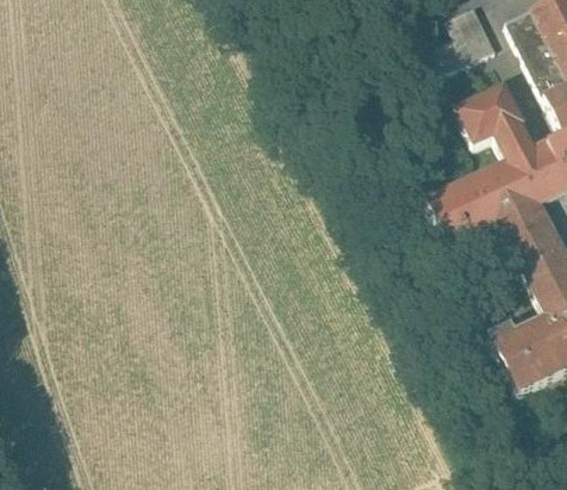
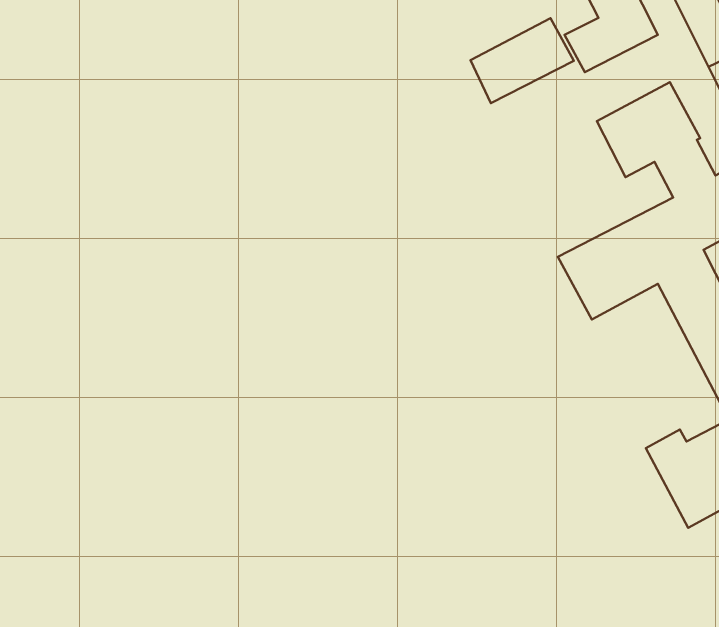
building: none -> [470,18,574,103]

